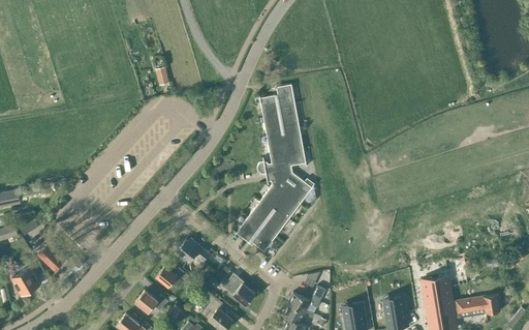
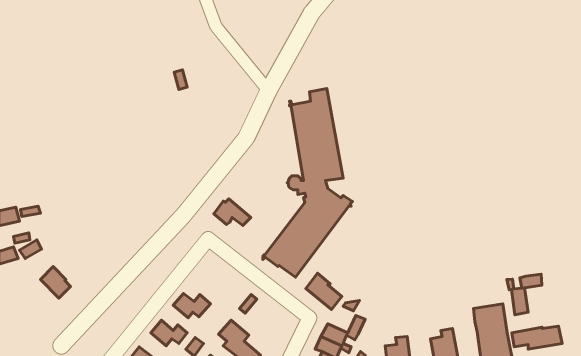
building: [177,239,210,263] -> [214,199,251,226]
building: none -> [507,274,542,315]
building: [10,267,40,296] -> none
building: [222,274,254,306] -> [306,273,342,309]

